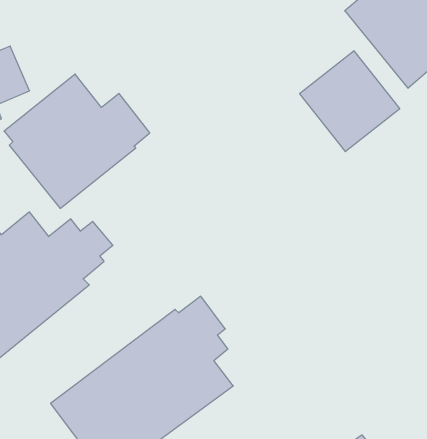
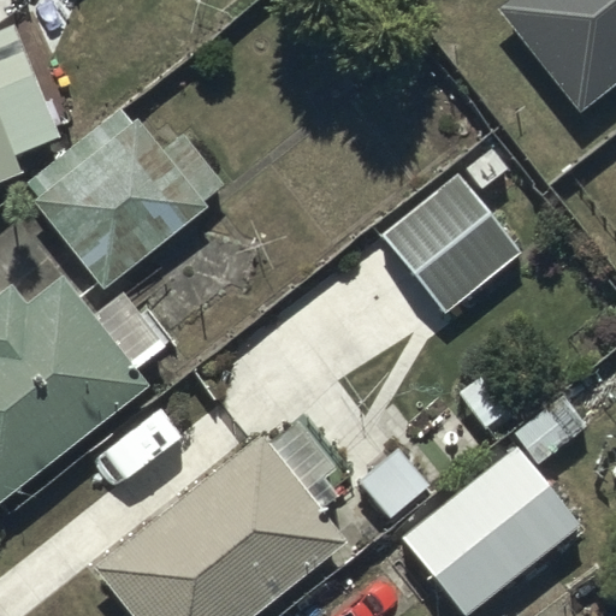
building: [300,51,400,152] -> [379,183,516,321]
building: none -> [402,436,575,602]

